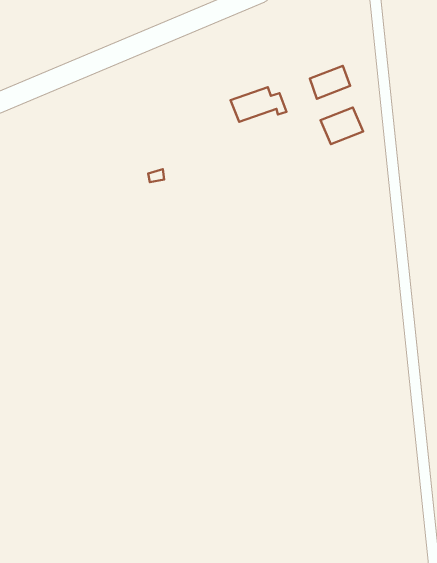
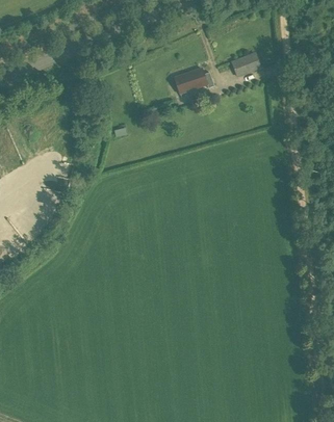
building: [321,107,363,144] -> none

